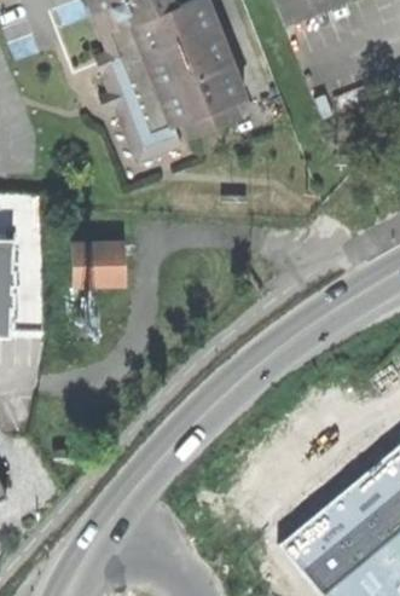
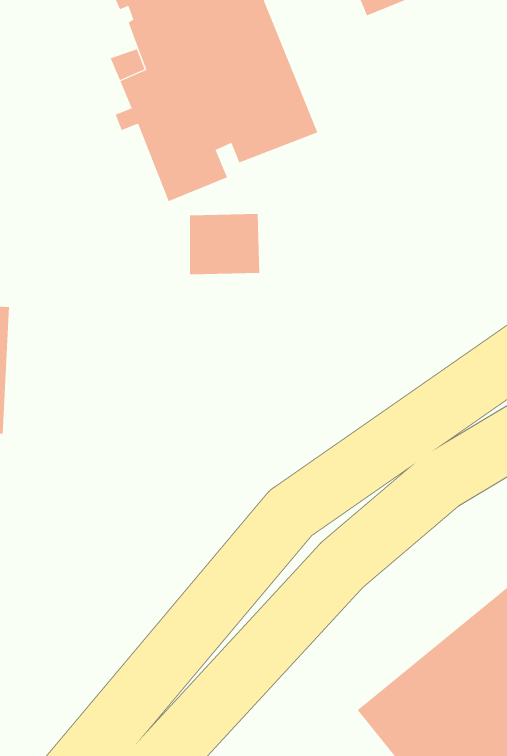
building: [77,244,131,290] -> [189,214,260,275]

